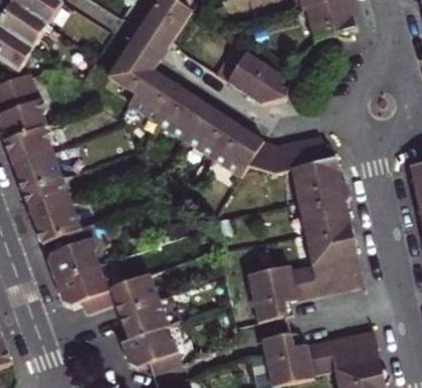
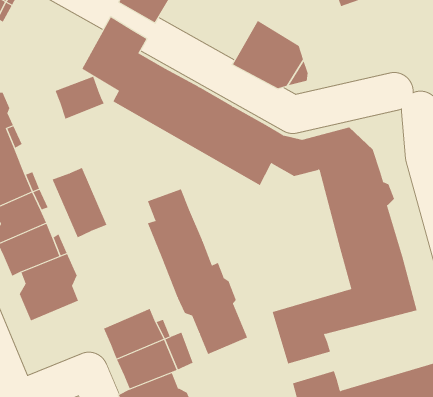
building: none -> [55,76,104,119]
building: none -> [52,167,107,238]
building: none -> [147,189,248,355]
building: [55,263,118,312] -> none

